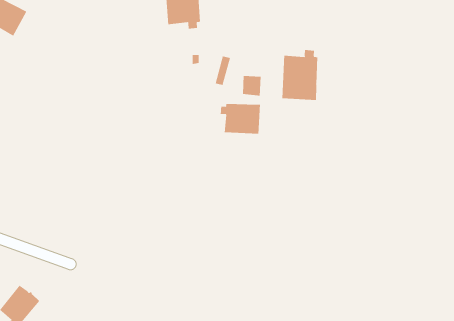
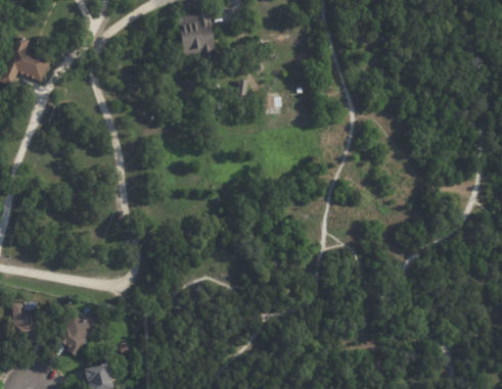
building: [282,49,318,101] -> none
building: [220,103,260,134] -> none

